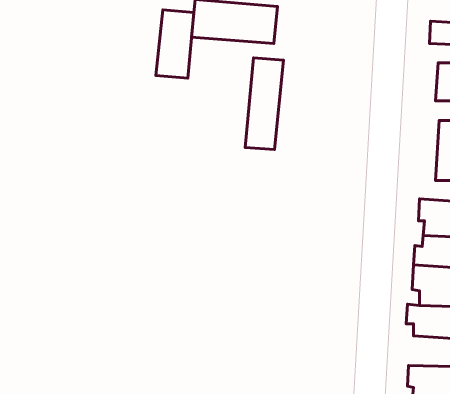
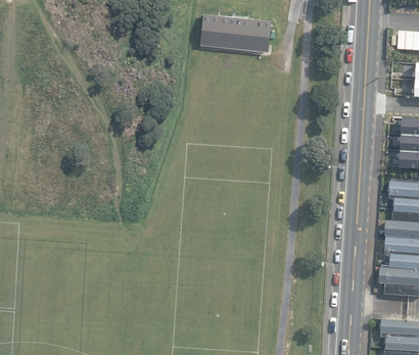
building: [156,10,194,78] -> none
building: [245,58,284,150] -> none

